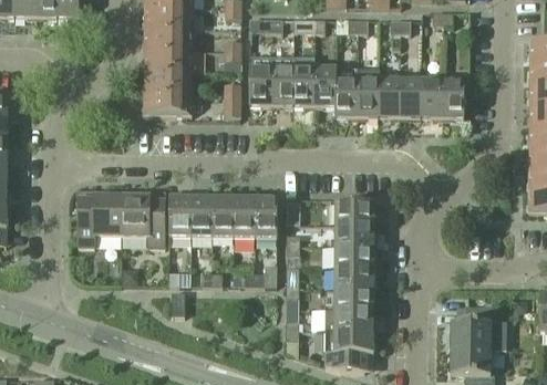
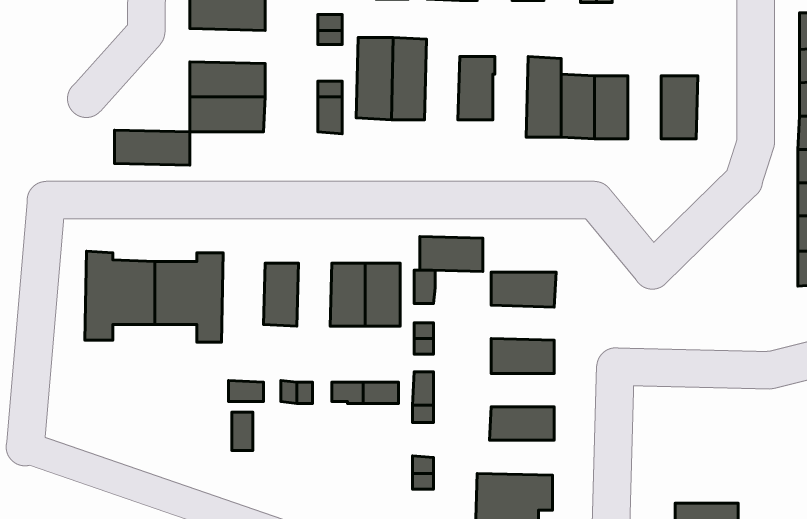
building: [144,50,192,72] -> [114,130,190,165]
building: [292,56,314,107] -> none
building: [334,67,358,118] -> none
building: [421,80,442,119] -> none
building: [168,197,192,237] -> none
building: [211,198,234,238] -> none
building: [334,225,374,247] -> [420,237,483,272]
building: [334,268,374,289] -> none
building: [451,306,495,350] -> none
building: [326,310,374,332] -> none

